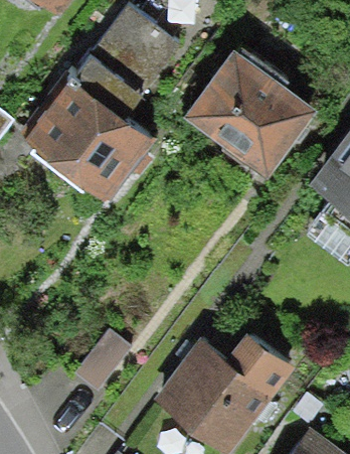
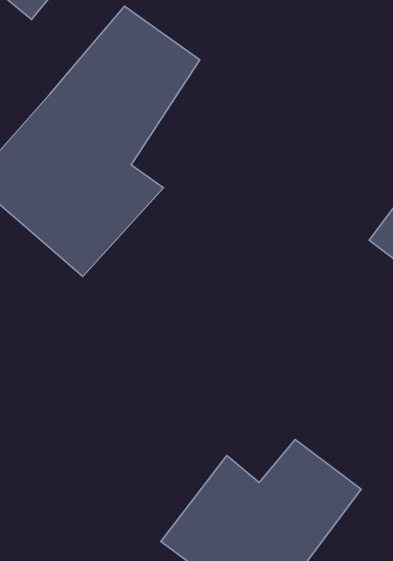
building: [183,44,322,181] -> none

